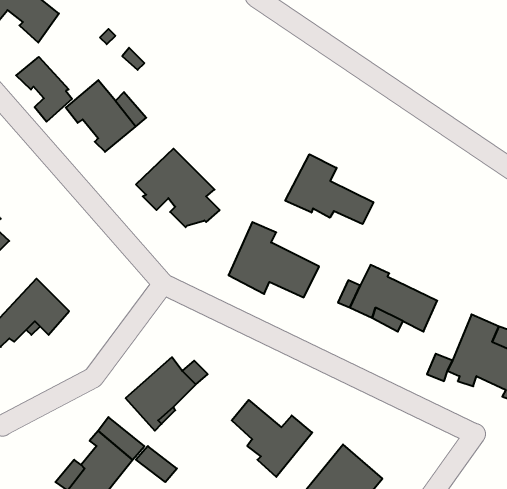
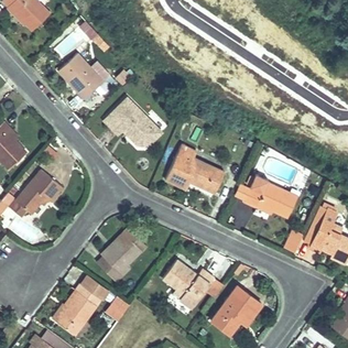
building: [16,57,72,122] -> none
building: [285,154,373,224] -> none

